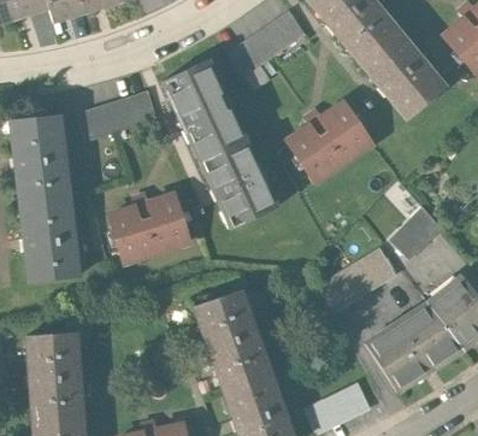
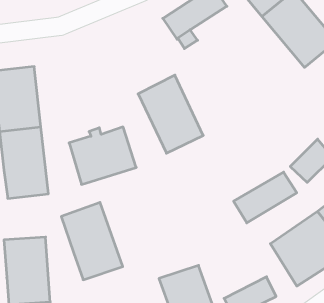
building: [160,54,242,149] -> none
building: [77,93,157,143] -> none
building: [285,100,376,185] -> none
building: [194,287,272,385] -> [61,202,123,280]

